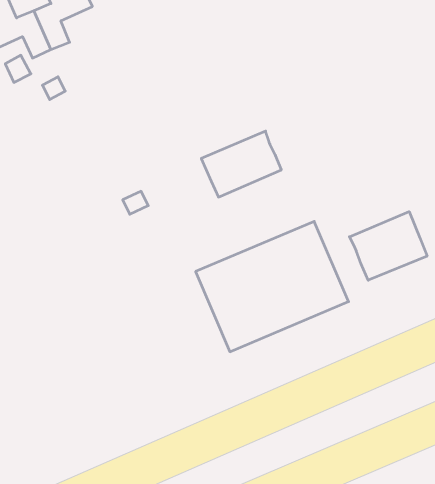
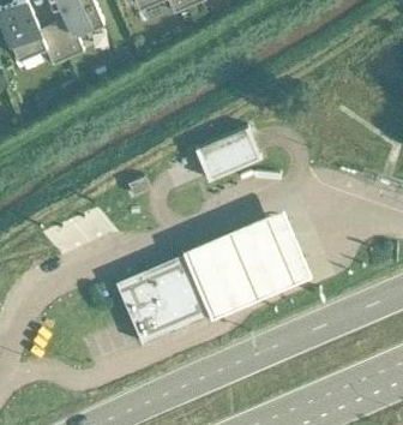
building: [349,212,427,280] -> none
building: none -> [114,251,212,348]

